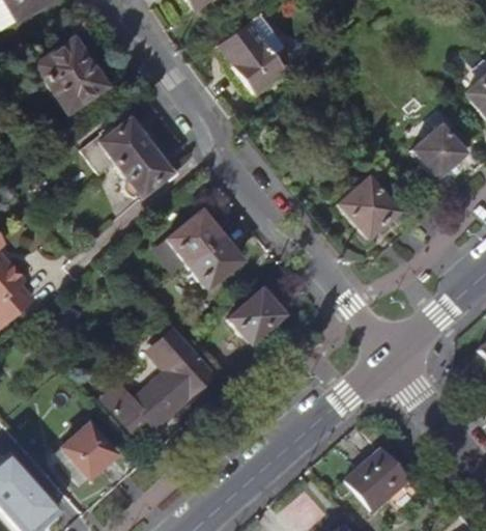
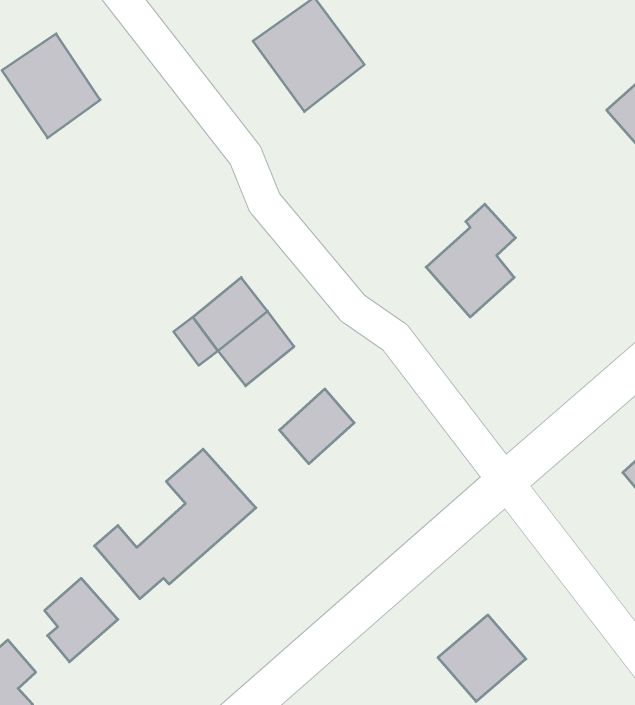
building: [85,116,173,194] -> none
building: [409,124,467,178] -> none

